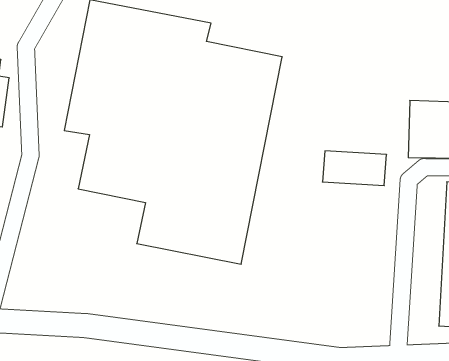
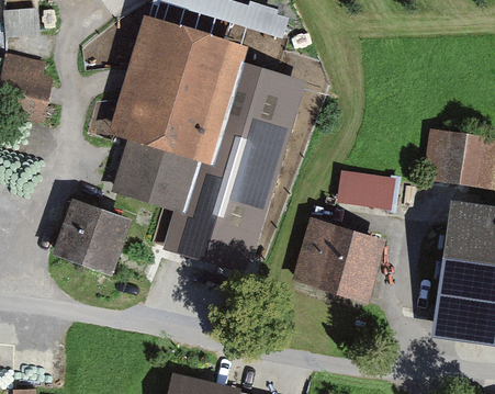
building: none -> [53,198,133,275]
building: none -> [293,218,384,301]

